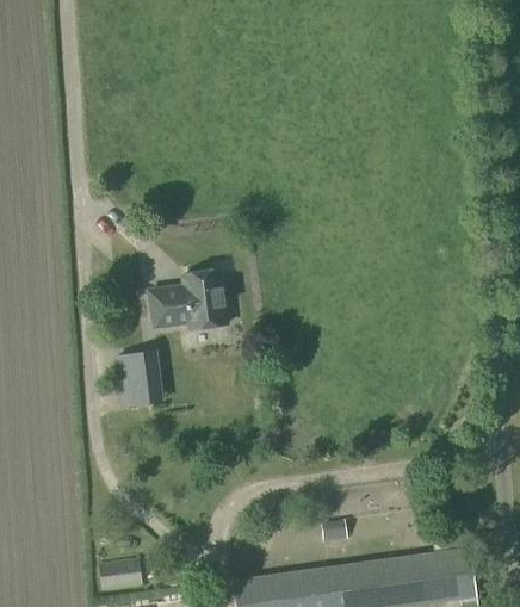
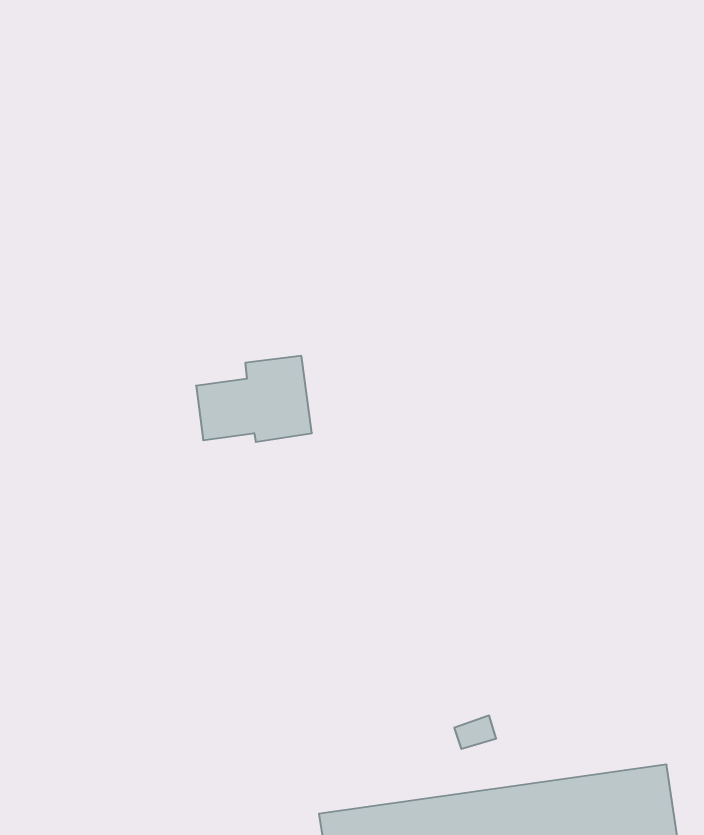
building: [114,351,156,408] -> none
building: [99,558,141,588] -> none

